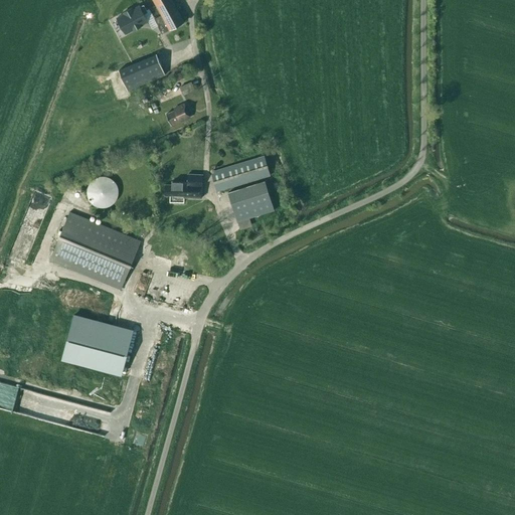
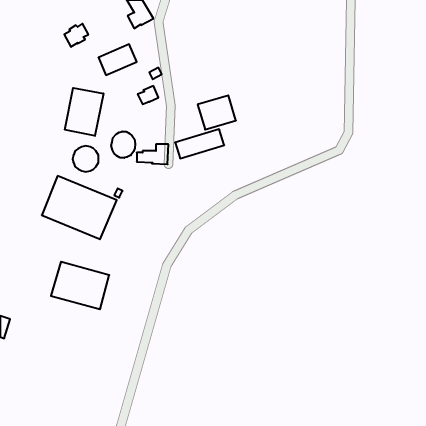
building: [117,6,146,34] -> [64,24,88,47]
building: none -> [65,88,103,136]
building: none -> [111,131,135,158]
building: [228,181,275,222] -> [198,95,236,130]

